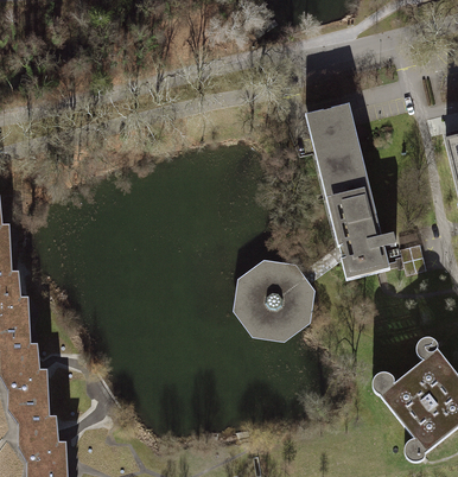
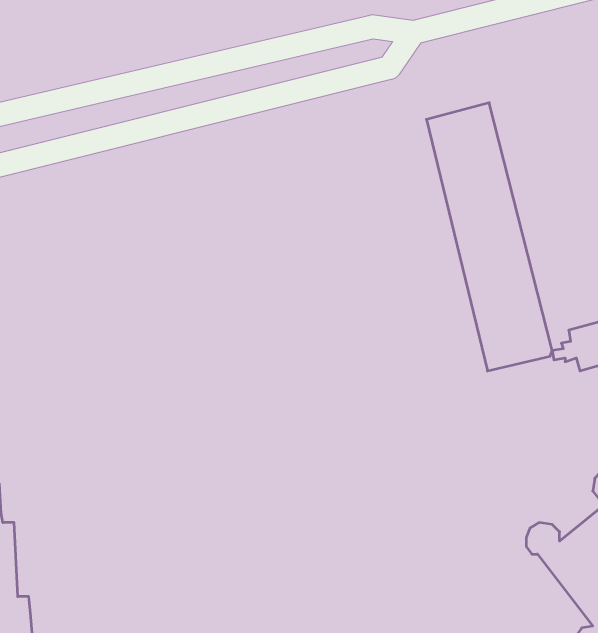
building: [234,259,316,341] -> none

